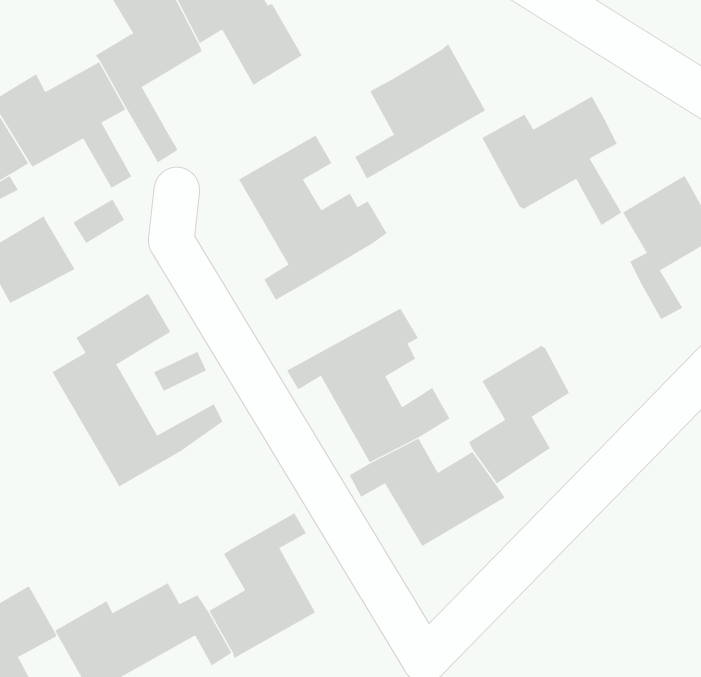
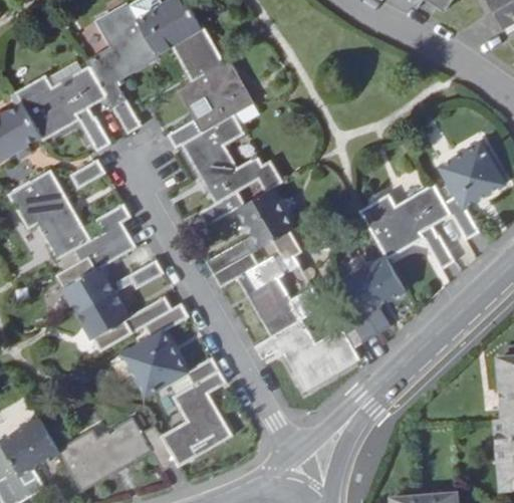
building: [354,43,486,179] -> [166,57,254,149]
building: [482,96,622,226] -> [359,182,454,269]
building: none -> [206,188,293,273]
building: none -> [35,203,130,260]
building: none -> [122,302,219,394]

